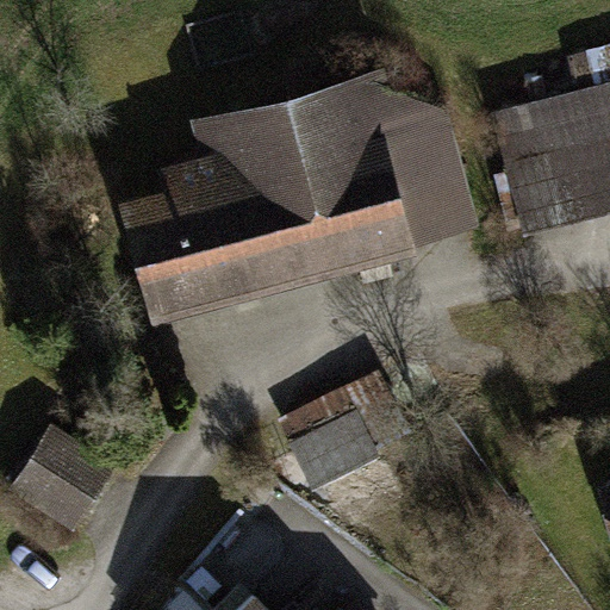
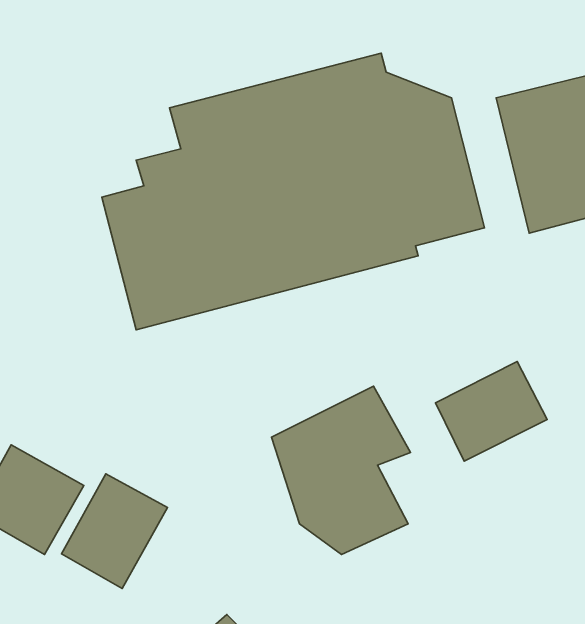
building: none -> [435,361,547,461]
building: none -> [61,474,168,588]

